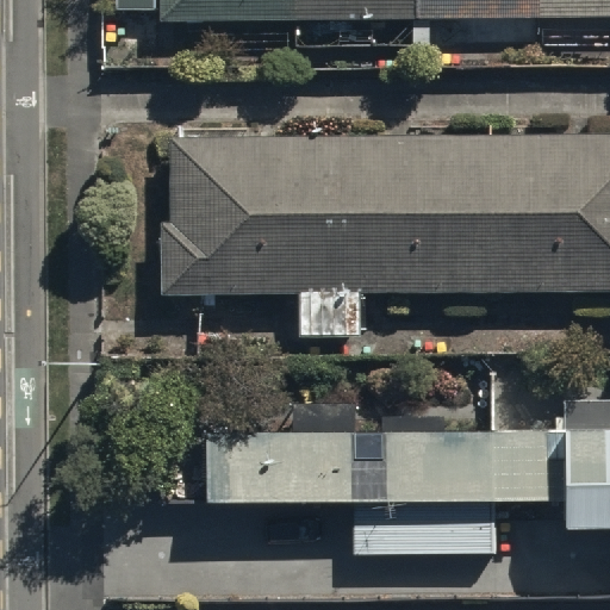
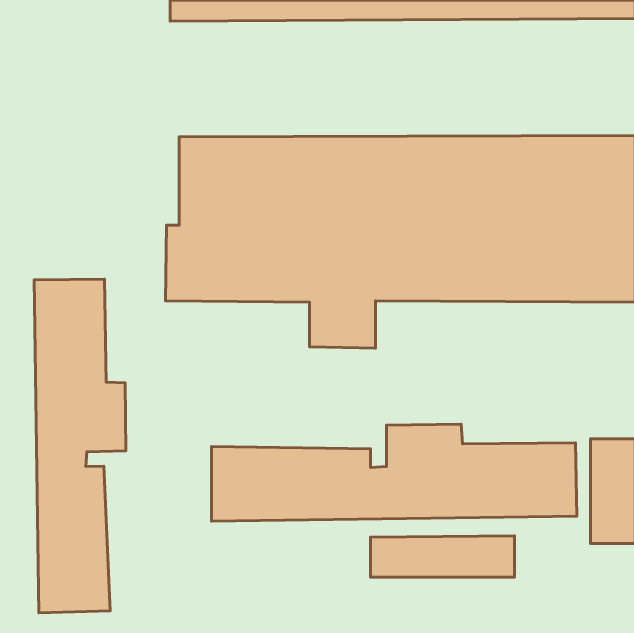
building: none -> [34,279,126,613]

